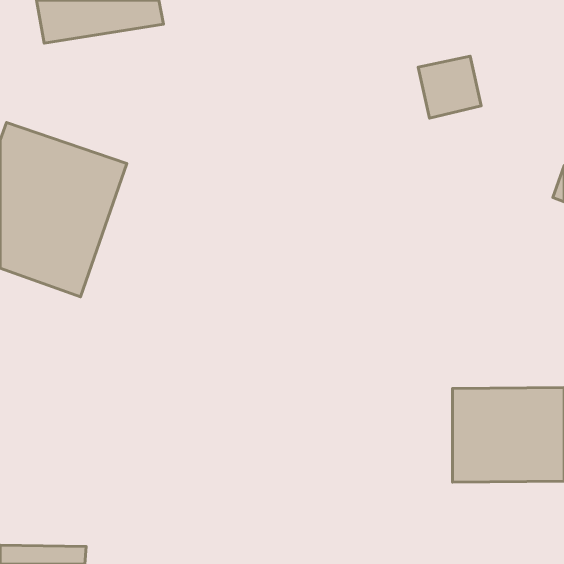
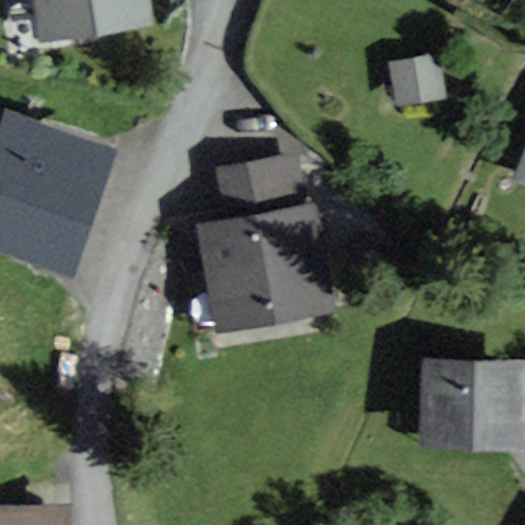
building: none -> [196,157,336,330]

